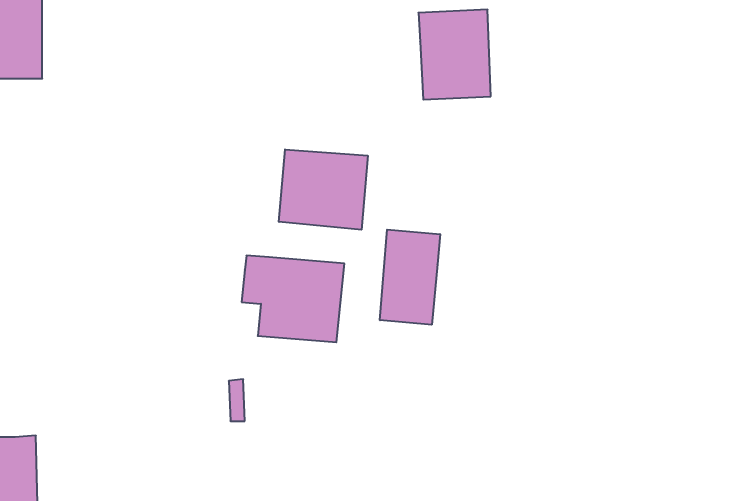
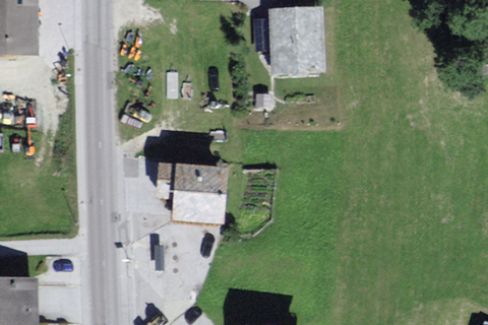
building: [279,149,368,230] -> none
building: [380,230,440,325] -> none

